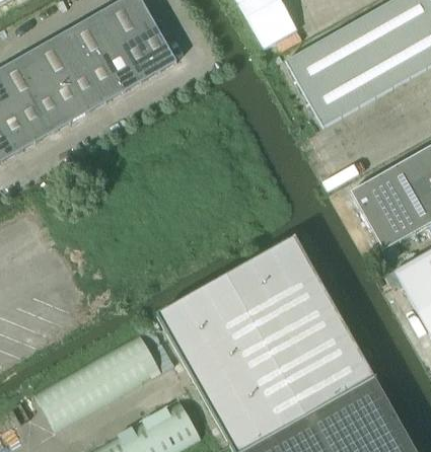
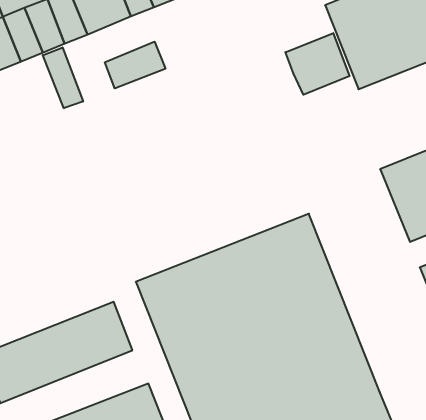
building: none -> [285,33,350,95]
building: none -> [105,42,165,88]
building: none -> [43,47,83,108]

